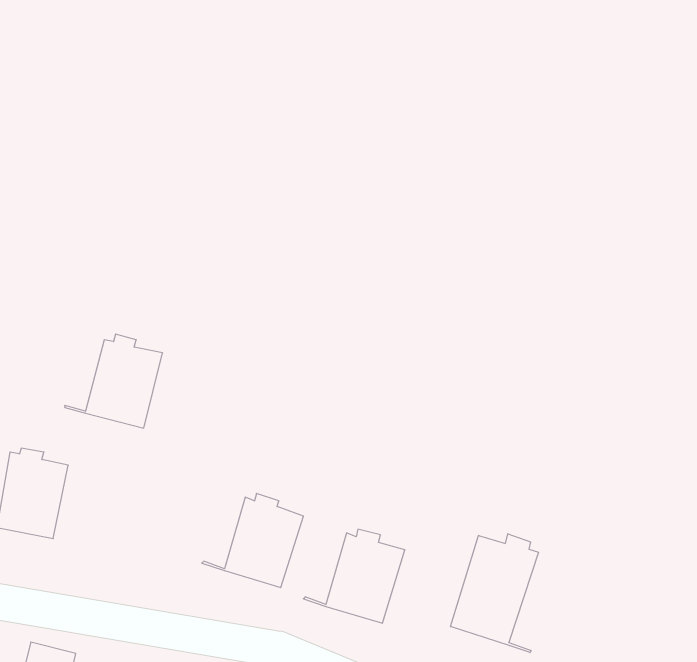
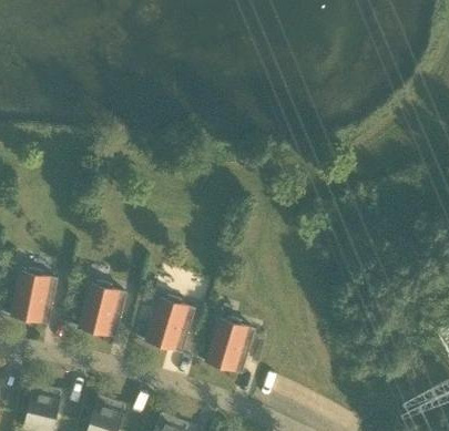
building: [65,334,163,428] -> [68,283,125,338]
building: [451,534,538,653] -> none

